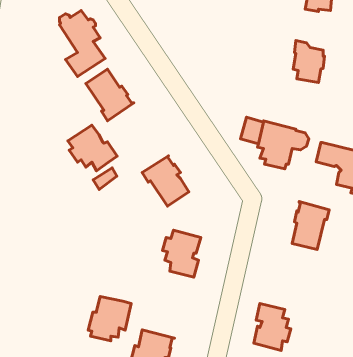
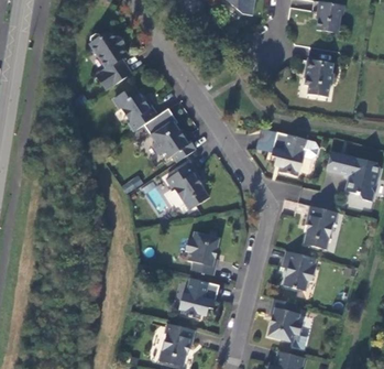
building: [68,125,117,171] -> [151,121,196,163]
building: none -> [282,251,316,292]
building: [88,296,131,341] -> [179,279,219,319]

